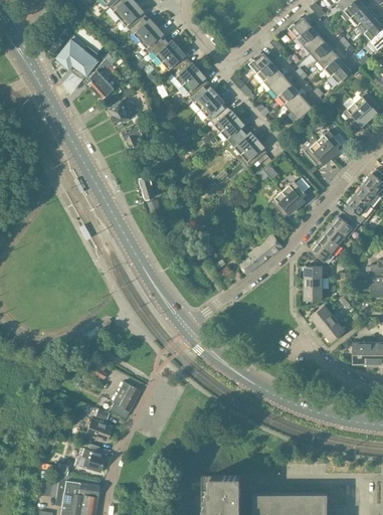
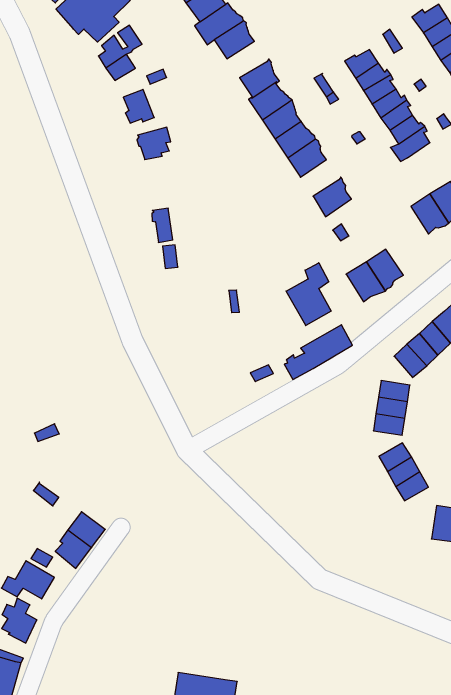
building: [169,60,200,90] -> none
building: [226,130,258,160] -> none
building: none -> [286,263,331,326]

